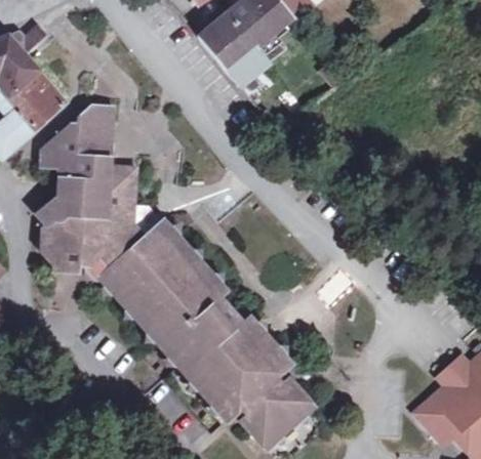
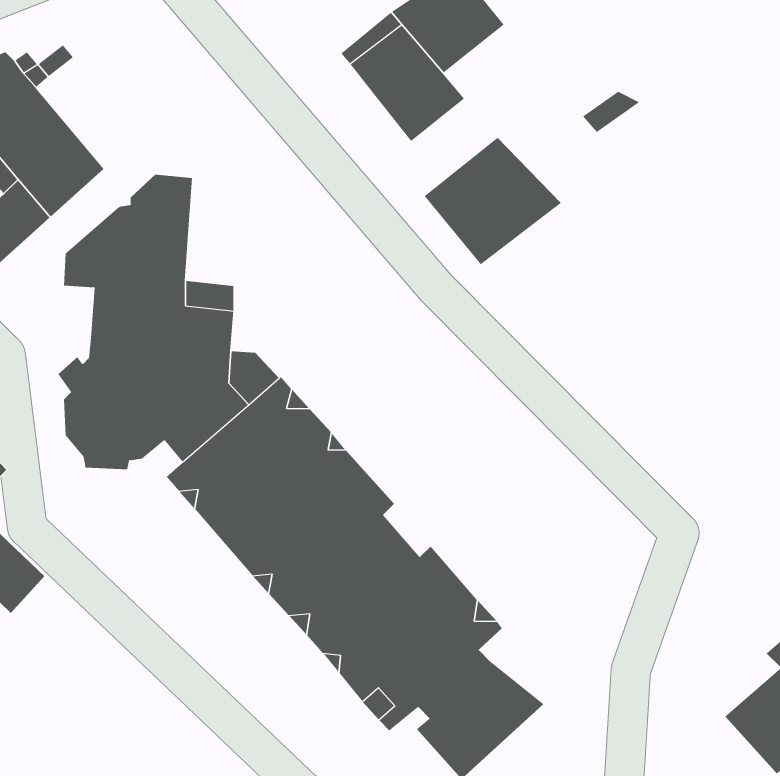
building: none -> [424,137,562,265]

